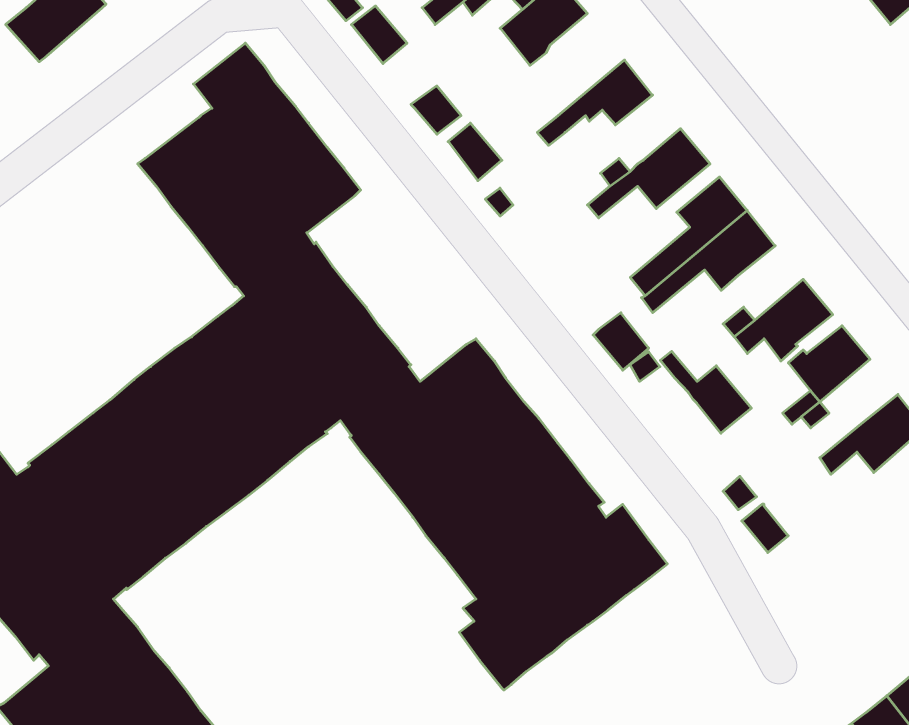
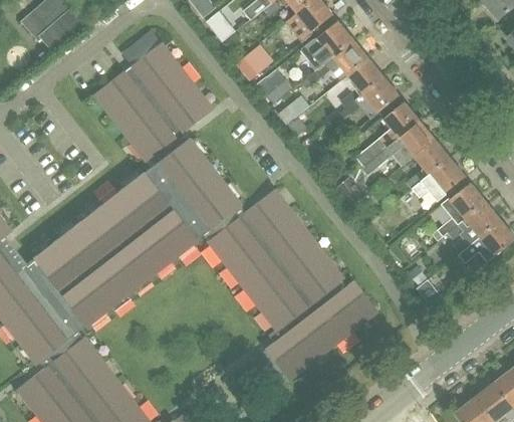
building: none -> [301,21,353,70]
building: none -> [348,58,383,95]
building: none -> [415,140,450,175]
building: [660,351,751,433] -> none
building: none -> [466,201,501,236]

